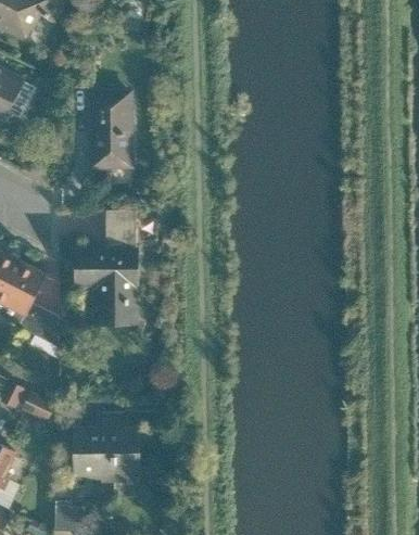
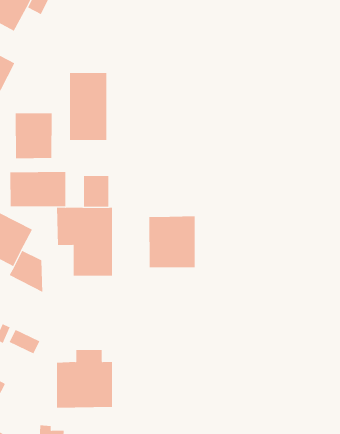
building: none -> [15,113,52,159]
building: none -> [10,171,66,207]
building: none -> [149,216,195,268]

